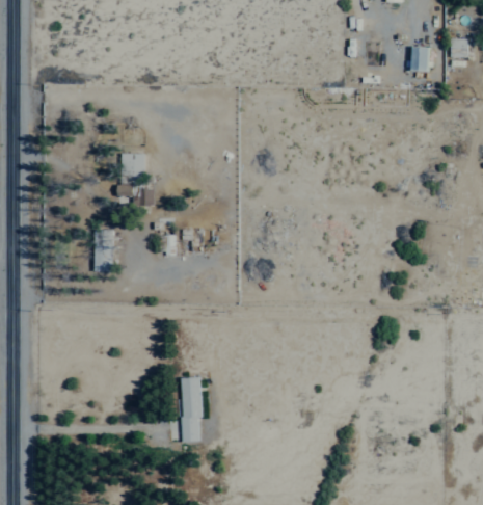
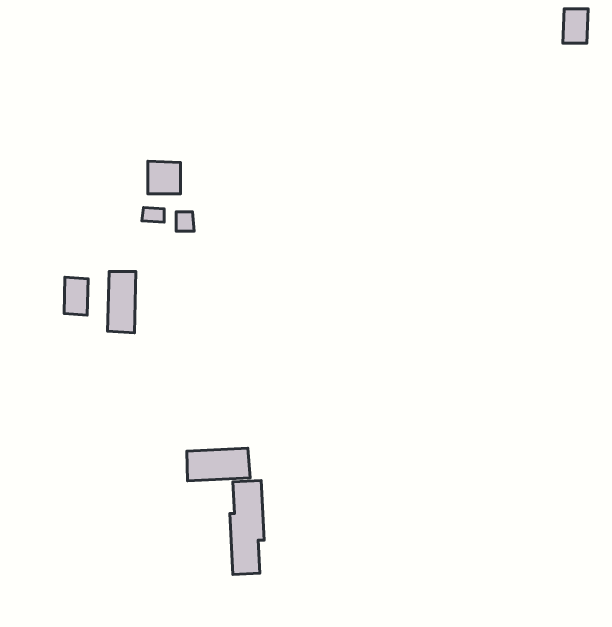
building: none -> [64,277,88,315]
building: none -> [187,448,250,481]

